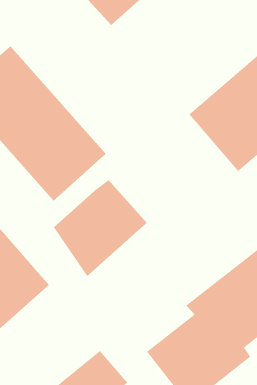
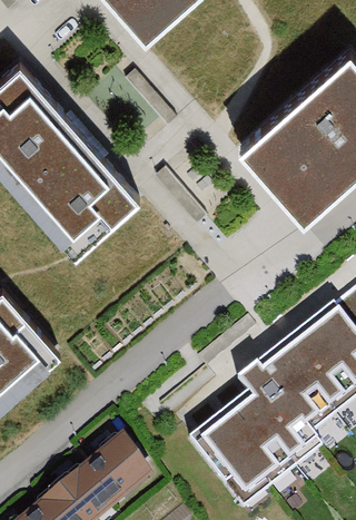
building: [53,179,147,277] -> none

